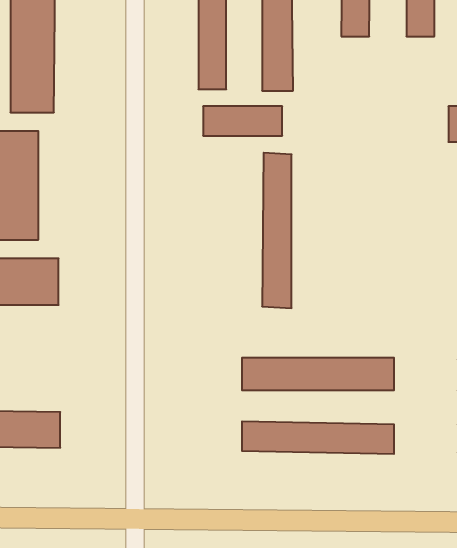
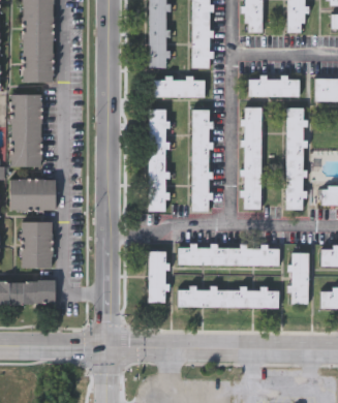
building: none -> [247,76,299,96]
building: none -> [241,106,262,209]
building: none -> [285,107,304,209]
building: none -> [146,110,166,212]
building: none -> [22,222,52,269]
building: none -> [147,252,165,303]
building: none -> [289,252,308,305]

